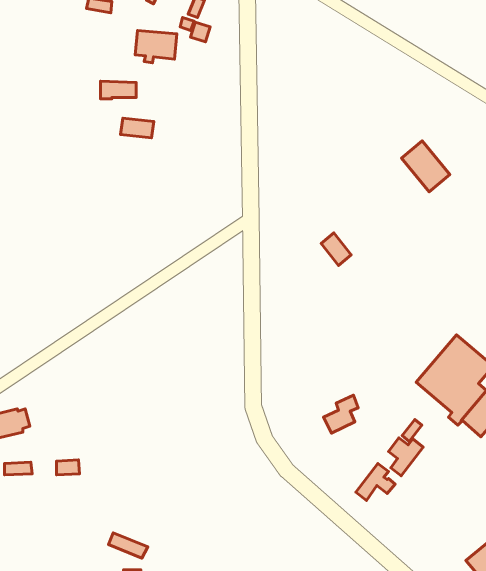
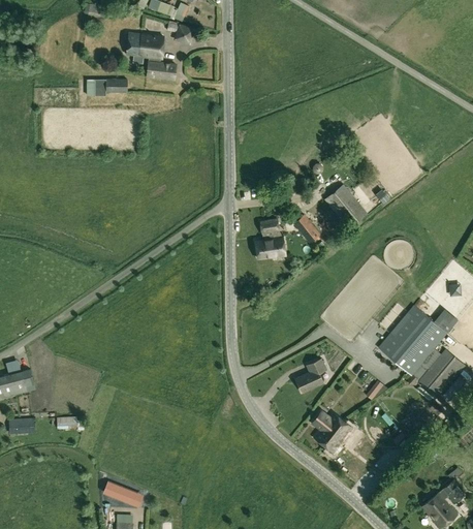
building: [120,118,154,138] -> [147,61,177,79]
building: [401,141,450,192] -> [324,183,368,228]
building: none -> [255,219,286,258]
building: [388,438,423,476] -> [313,410,344,444]

